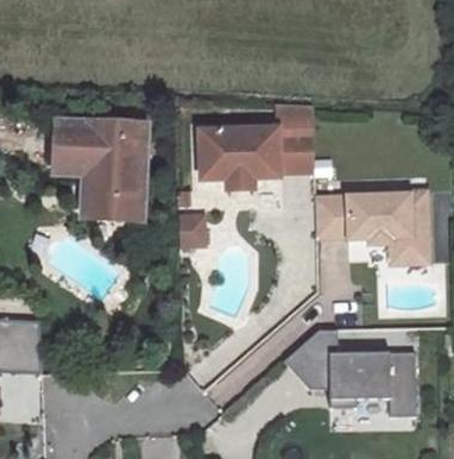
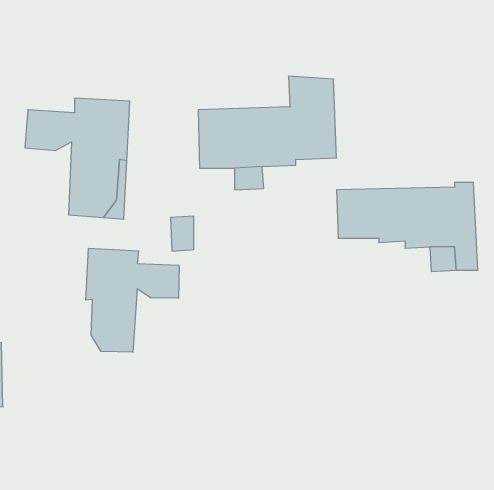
building: none -> [86,248,179,352]
building: [283,328,417,414] -> none

